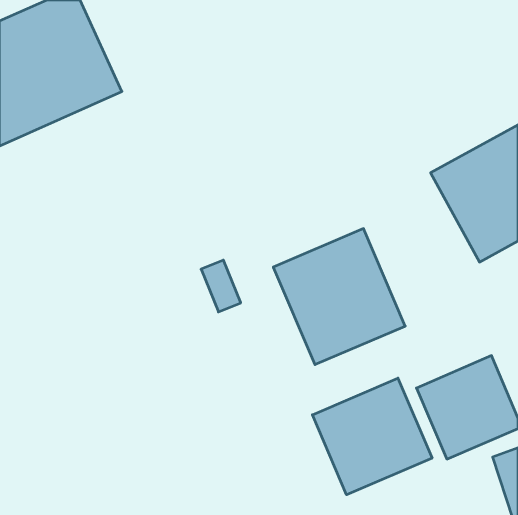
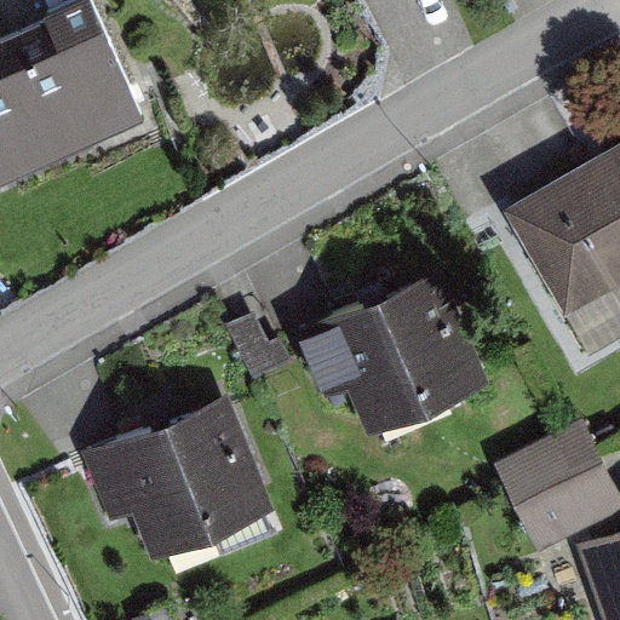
building: none -> [88,404,265,556]
building: [312,378,432,495] -> none

